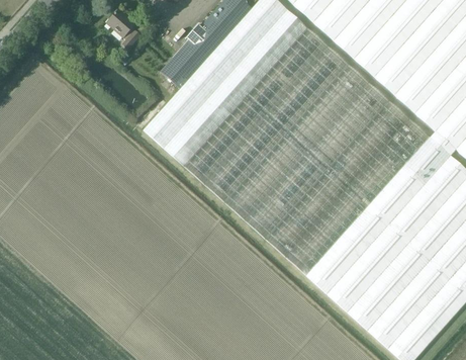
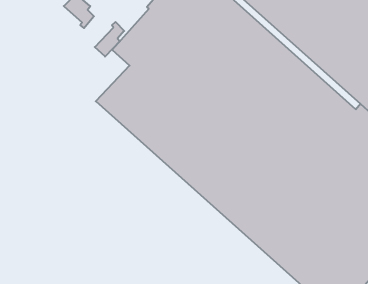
building: none -> [95,22,124,57]

